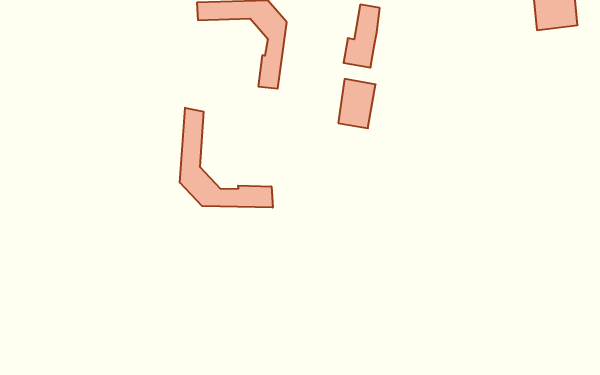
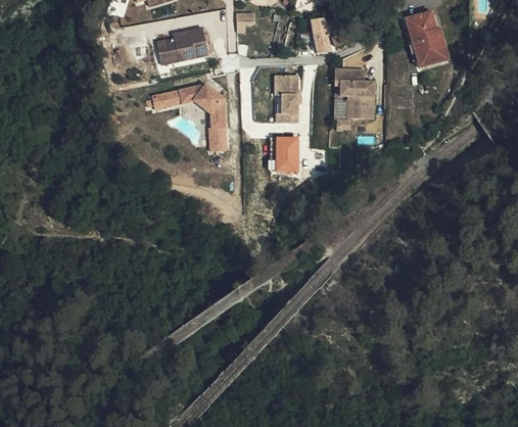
building: none -> [342,70,374,120]
building: [180,108,273,208] -> none

